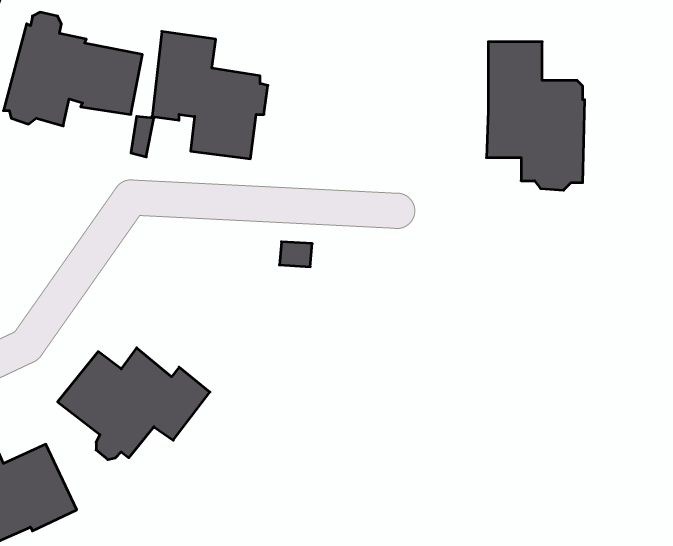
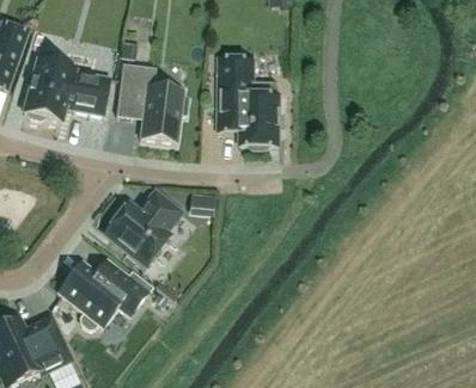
building: [486,42,585,190] -> [218,56,279,148]
building: none -> [104,190,178,261]

